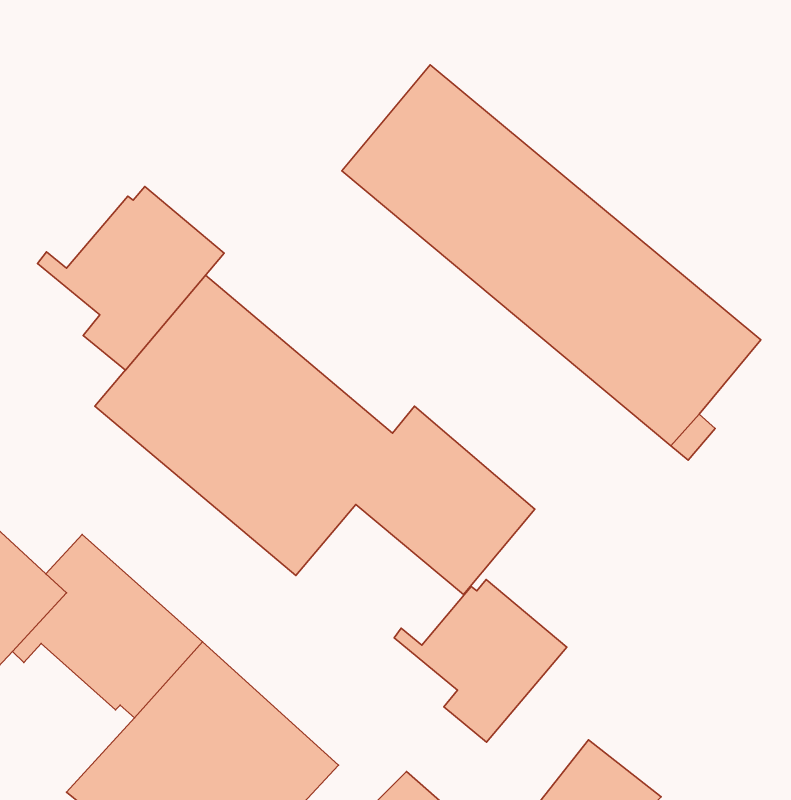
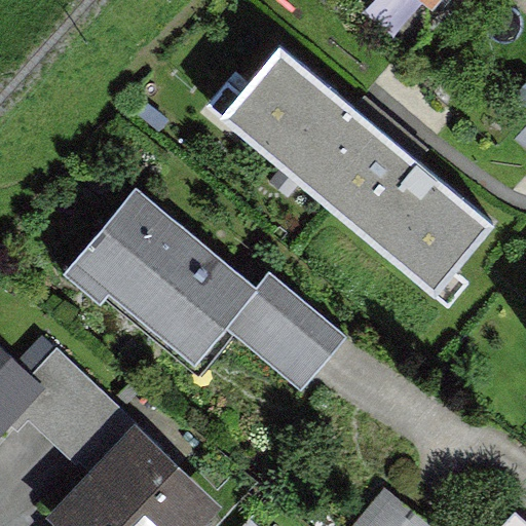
building: [38,186,224,370] -> none
building: [394,580,567,742] -> none

